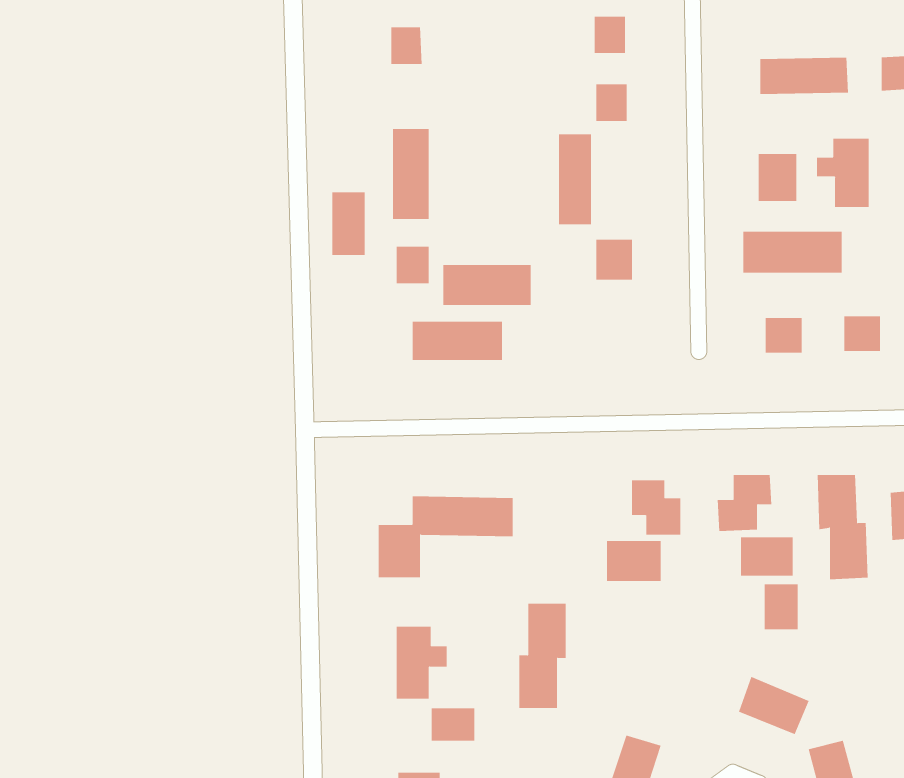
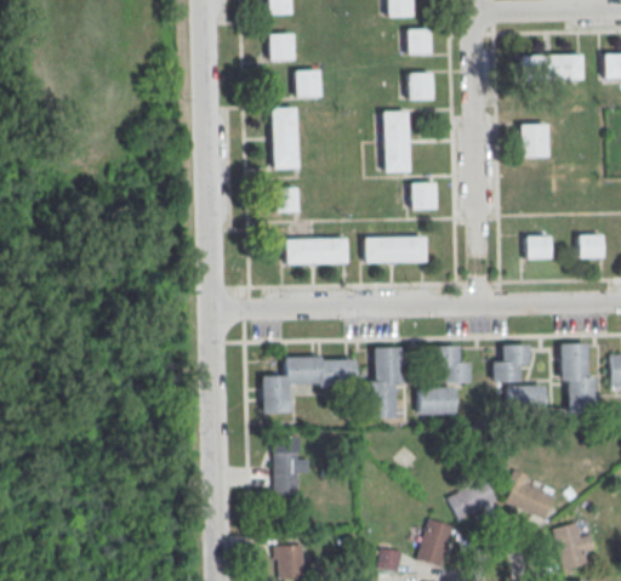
building: none -> [297,74,319,99]
building: [816,138,869,208] -> none
building: [332,191,365,256] -> none
building: [743,231,842,273] -> none
building: [442,265,532,306] -> [364,235,425,263]
building: [764,584,798,630] -> none
building: [518,603,567,708] -> [369,346,401,417]
building: none -> [448,478,498,520]
building: [431,708,475,742] -> none

